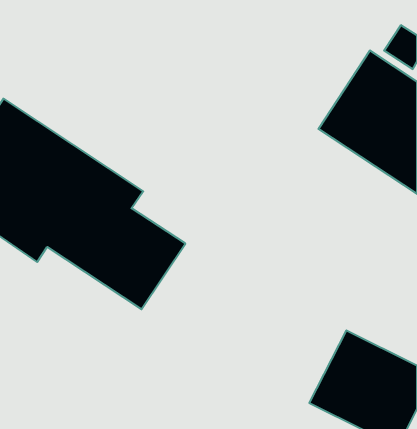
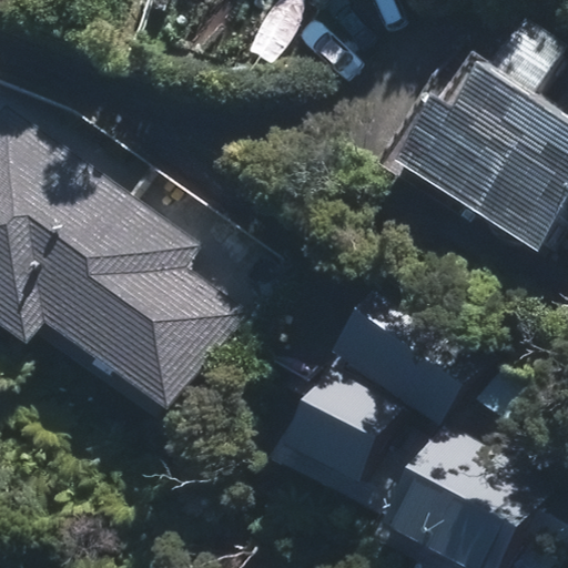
building: none -> [341,300,486,428]
building: none -> [294,379,407,493]

